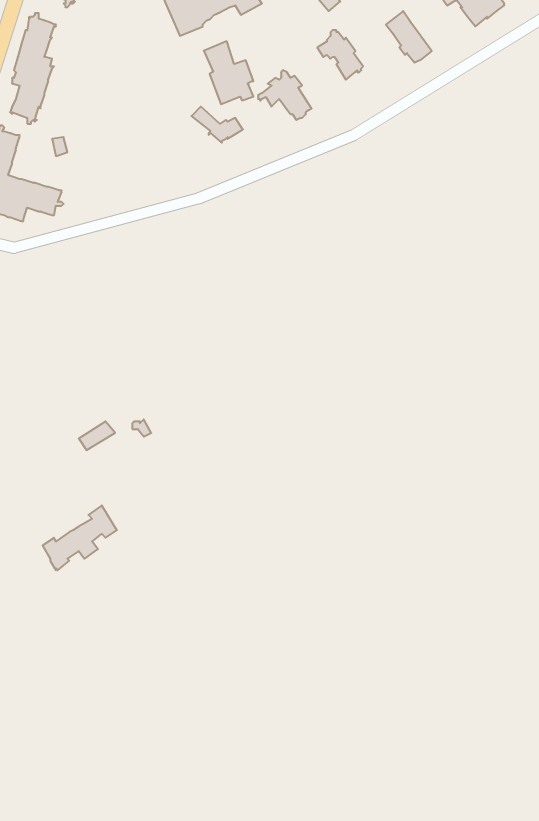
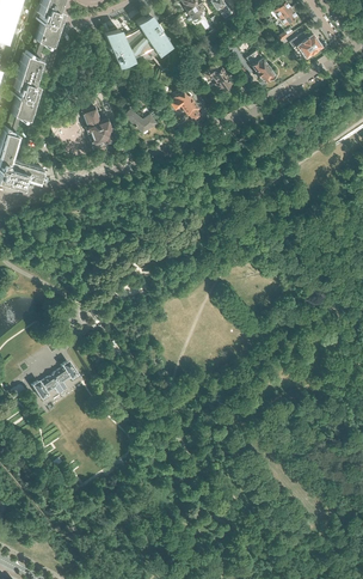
building: [204,41,253,104] -> [84,108,115,147]

